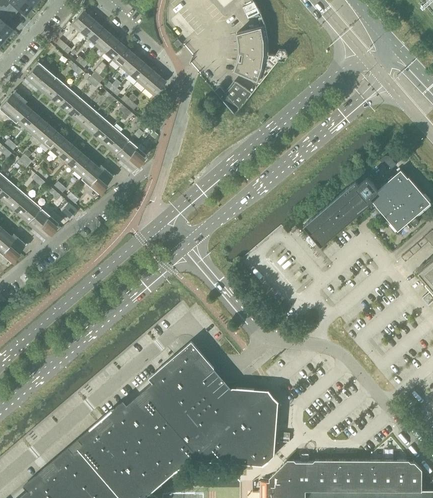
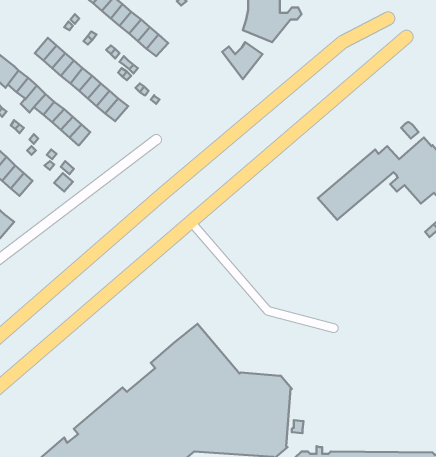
building: [26,62,55,91] -> none
building: [117,140,146,169] -> none
building: [81,164,111,193] -> none
building: [29,209,58,237] -> none

